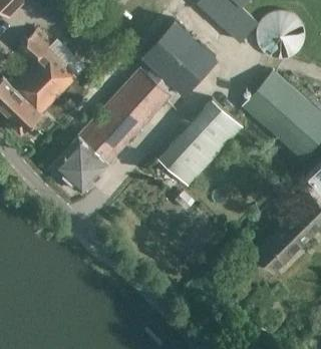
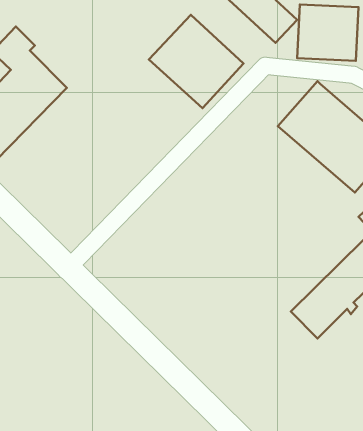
building: [51,67,171,193] -> none
building: [157,99,242,187] -> none

